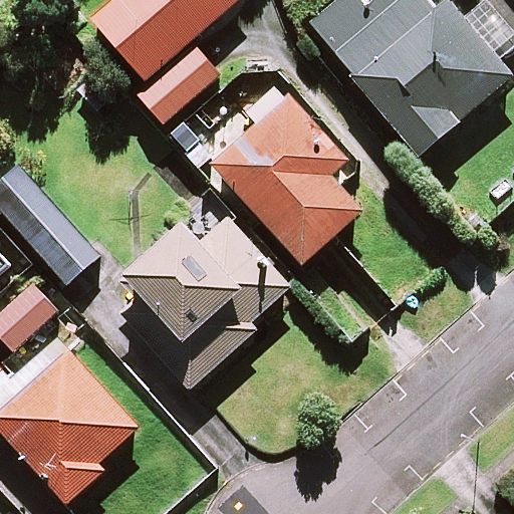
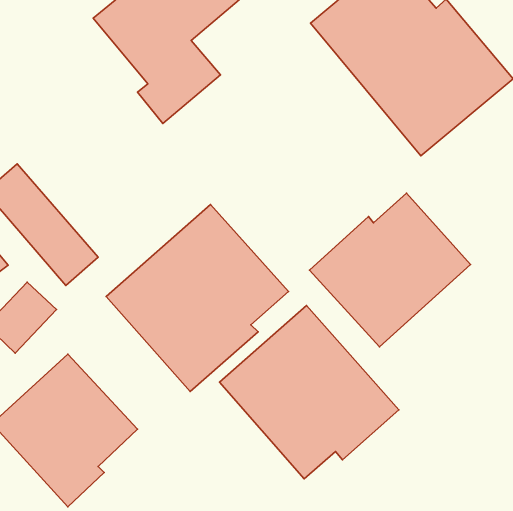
building: [213,98,360,263] -> none
building: none -> [310,193,470,347]
building: none -> [220,306,399,479]

